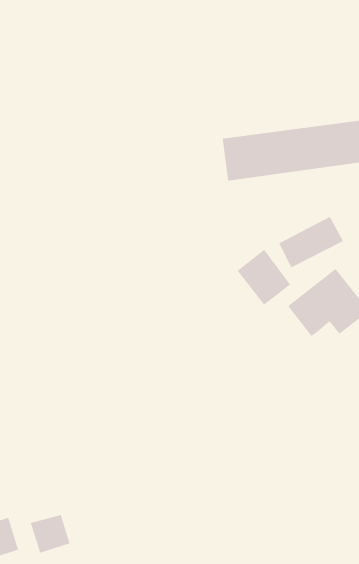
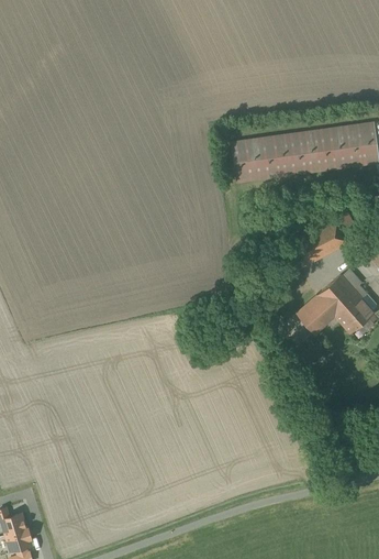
building: [237,249,291,305] -> none
building: [30,514,70,553] -> none

